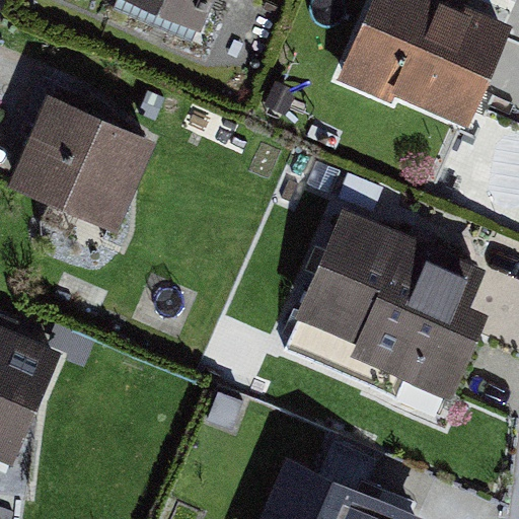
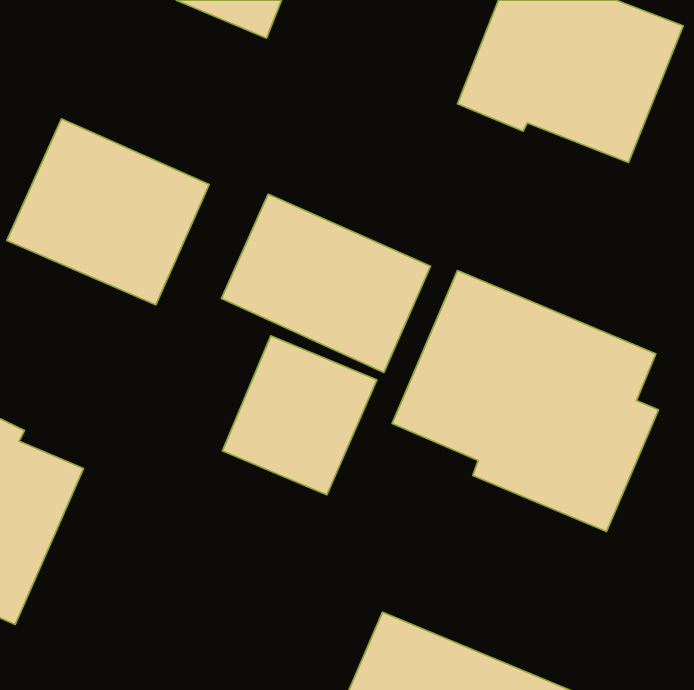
building: none -> [221,194,430,373]
building: none -> [223,336,377,495]

